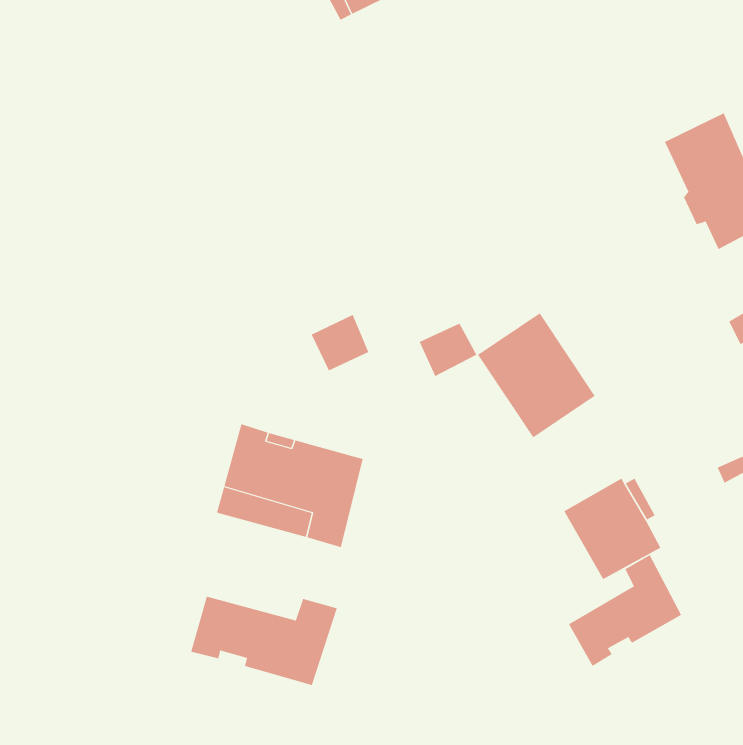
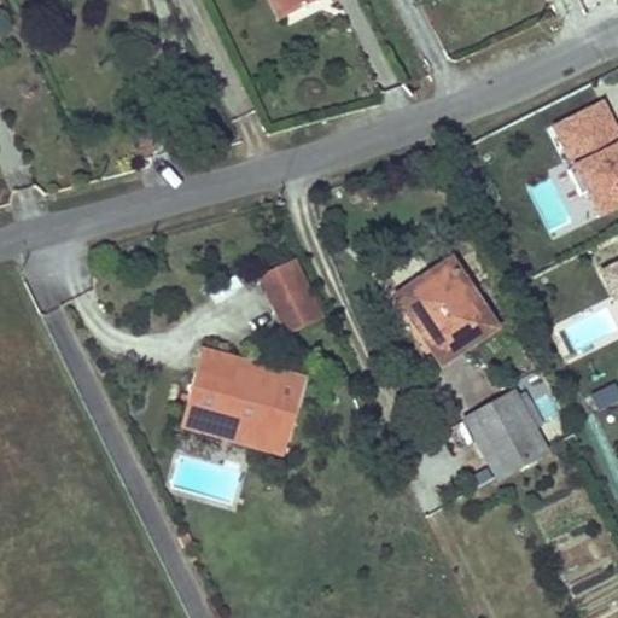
building: [419,323,477,377] -> [274,291,322,336]
building: [568,554,682,667] -> none
building: [191,596,338,686] -> none

